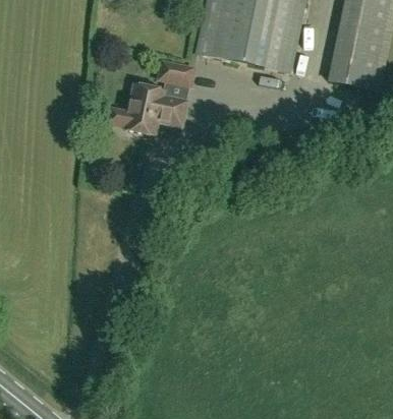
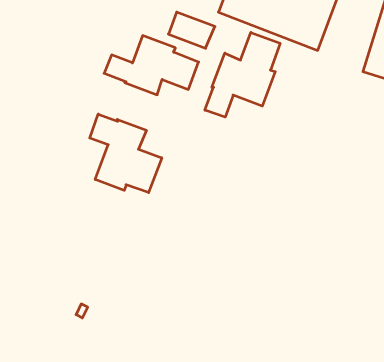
building: none -> [205,32,280,117]
building: none -> [90,114,162,193]

